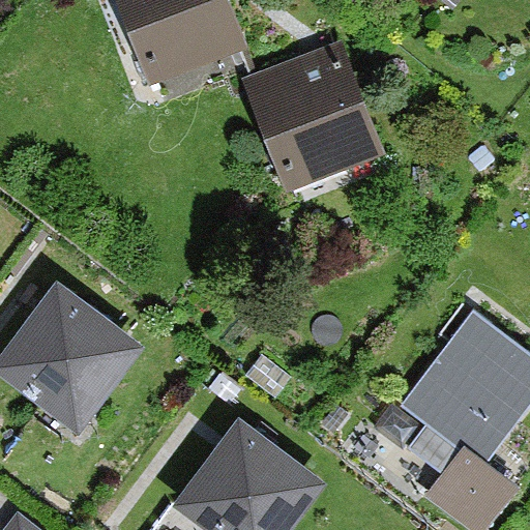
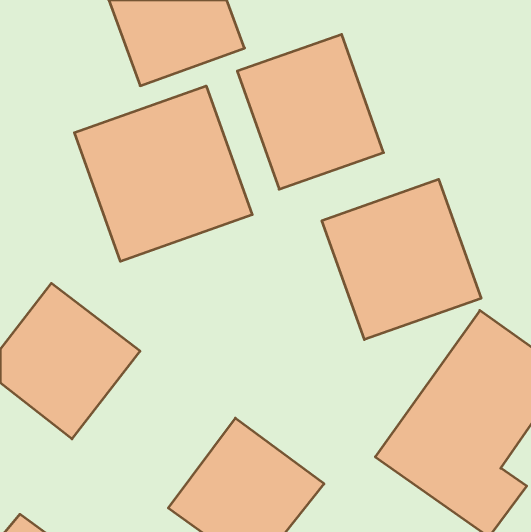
building: none -> [74,86,252,261]
building: none -> [322,179,481,340]

